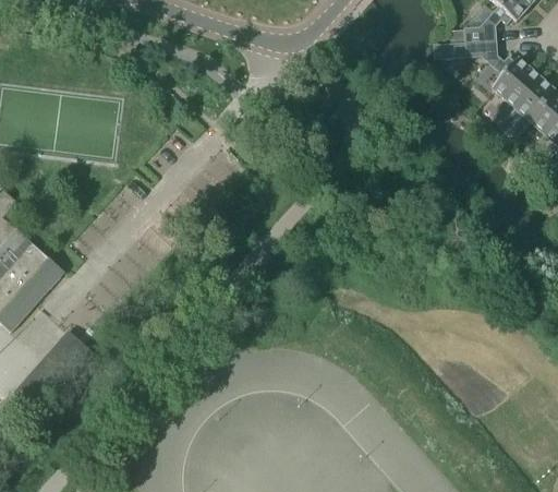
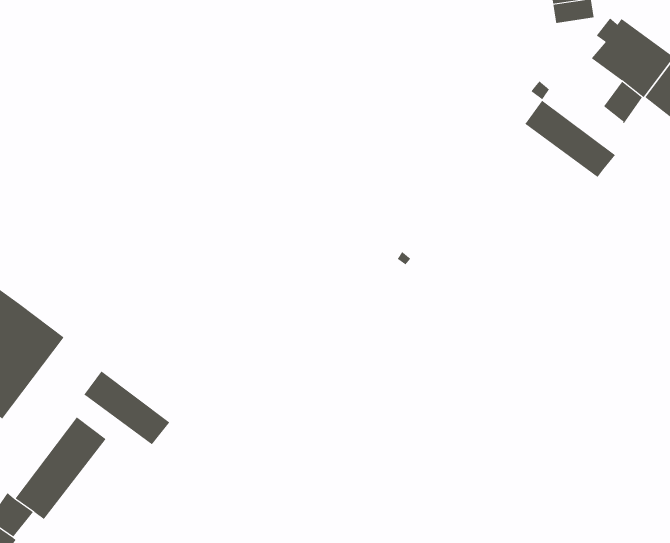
building: none -> [524,100,616,178]
building: none -> [84,371,170,445]

